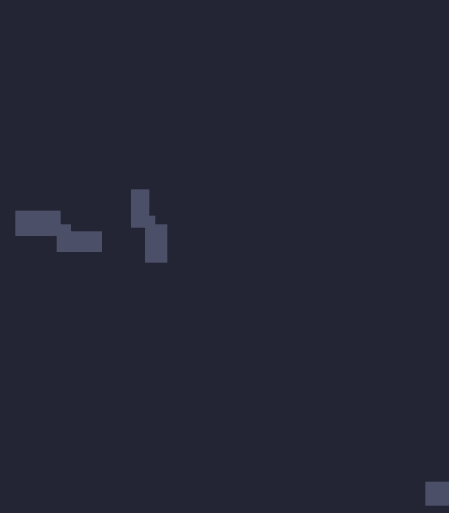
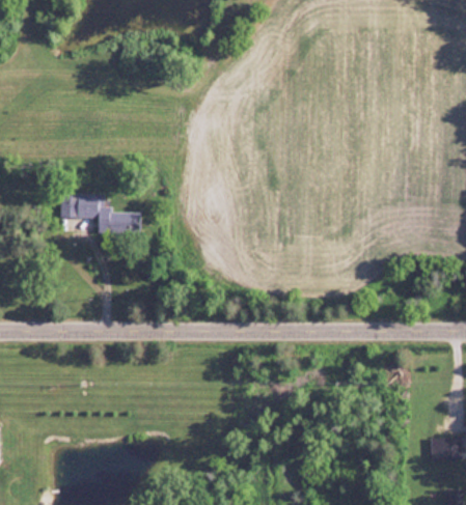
building: [130,189,168,264] -> none

